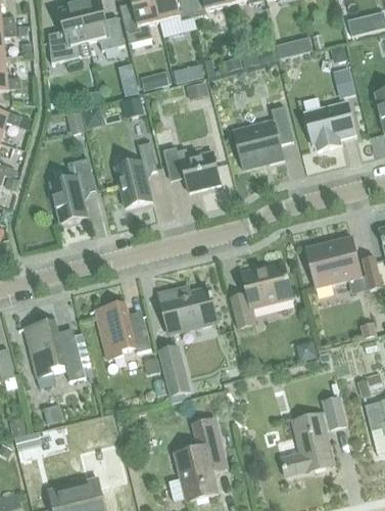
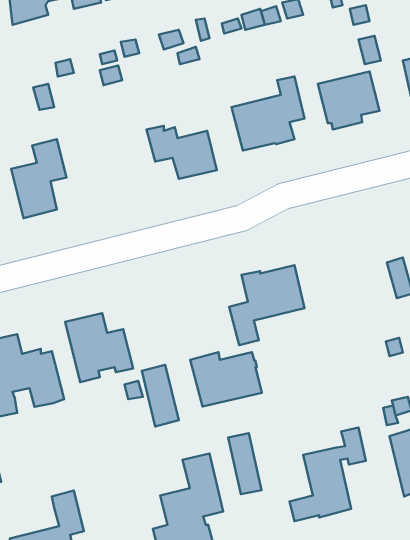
building: [114,141,157,206] -> none
building: [305,235,362,293] -> none
building: [158,287,218,332] -> [190,352,262,406]
building: none -> [228,433,261,494]

